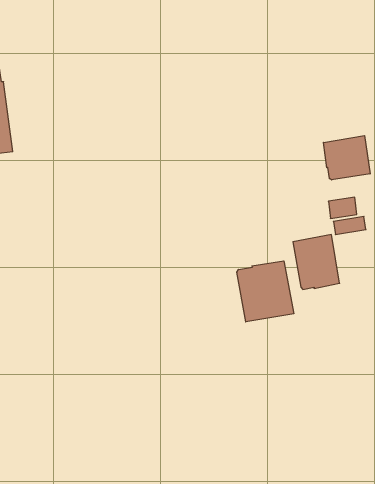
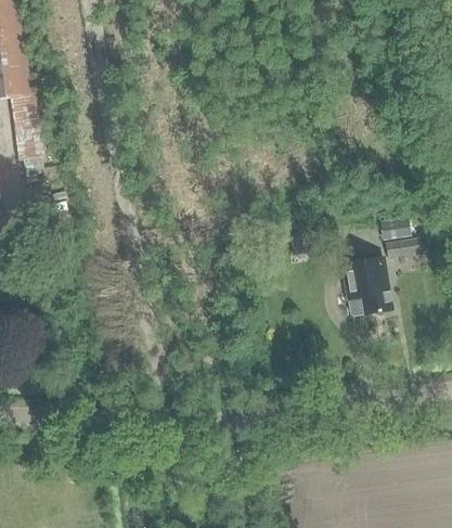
building: [323,136,370,180] -> none
building: [237,261,294,322] -> none

